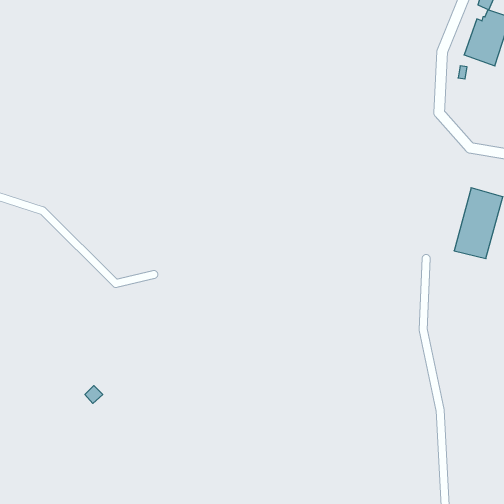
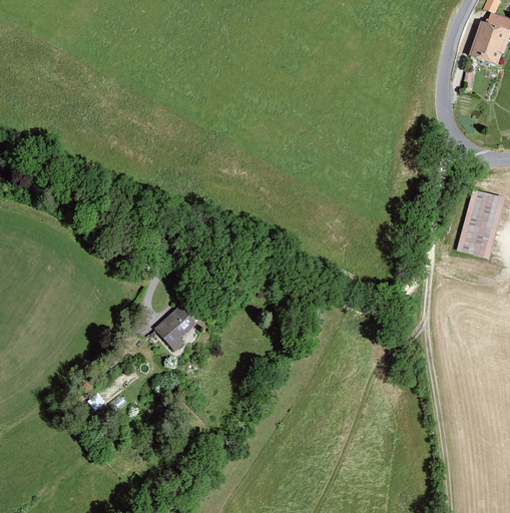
building: none -> [153,306,195,352]

